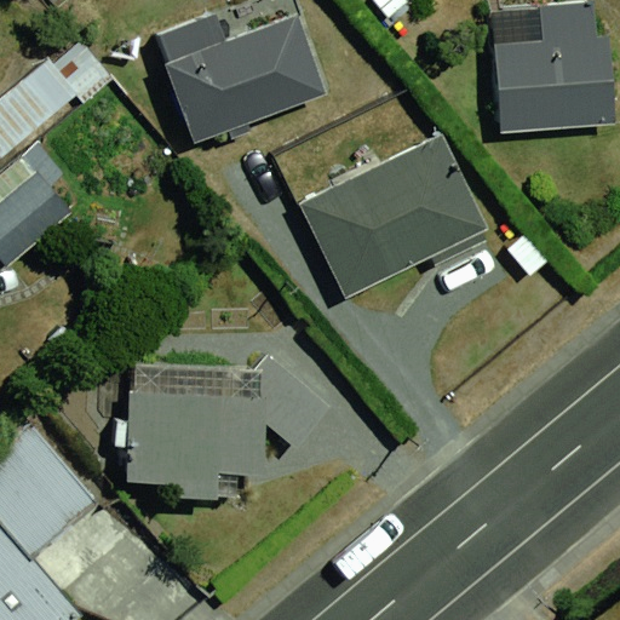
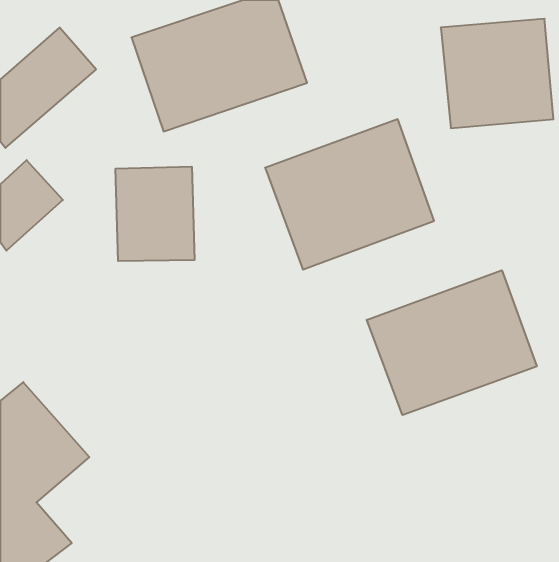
building: none -> [116,167,194,261]
building: none -> [367,270,537,415]
building: [125,361,302,470] -> none

